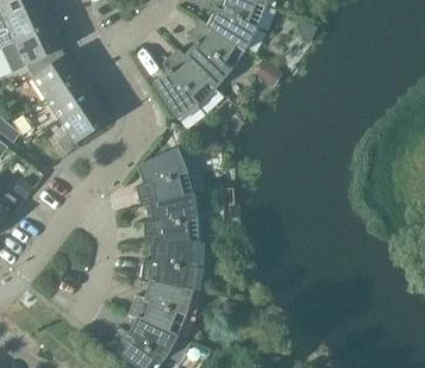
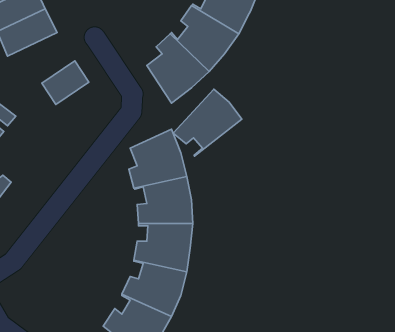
building: [32,55,81,100] -> none
building: [58,99,110,151] -> none
building: none -> [173,89,242,156]

